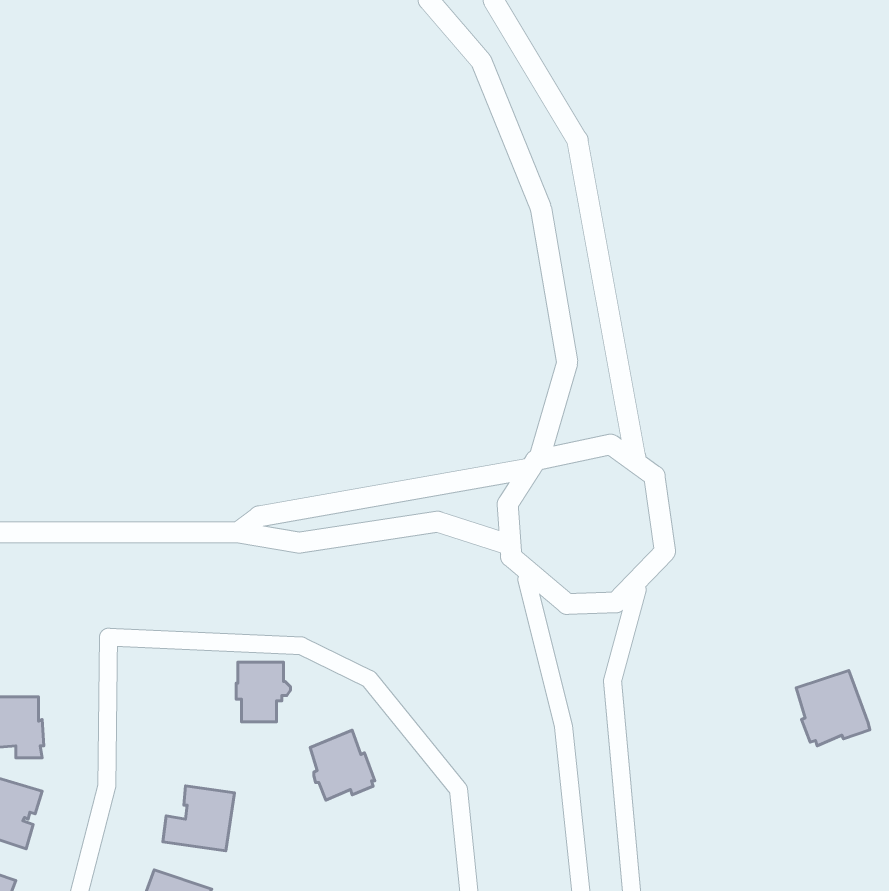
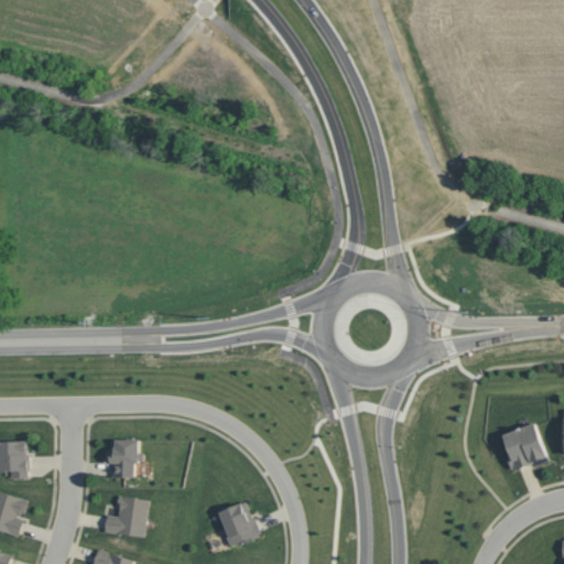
building: [236,662,290,722] -> [108,441,142,478]
building: [310,730,375,800] -> [218,502,259,546]

